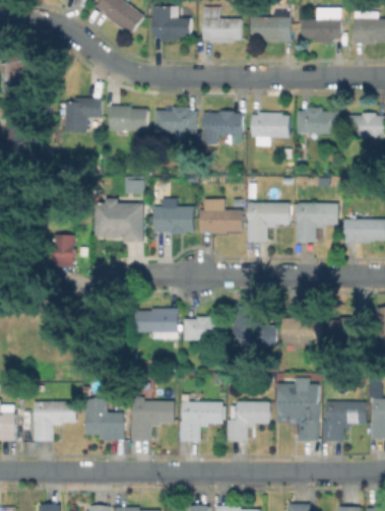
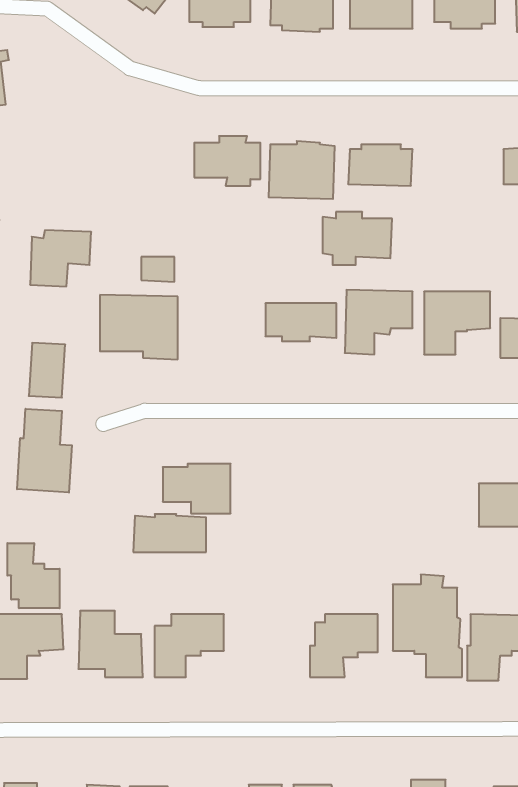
building: [64,97,102,131] -> [30,230,91,286]
building: [110,105,147,137] -> none
building: [297,107,339,139] -> [323,212,392,265]
building: [151,197,194,234] -> none
building: none -> [17,409,72,493]
building: [232,306,275,344] -> none
building: [183,317,228,340] -> [133,514,206,552]
building: [283,317,320,342] -> none
building: none -> [7,543,60,608]
building: [179,400,222,440] -> none

